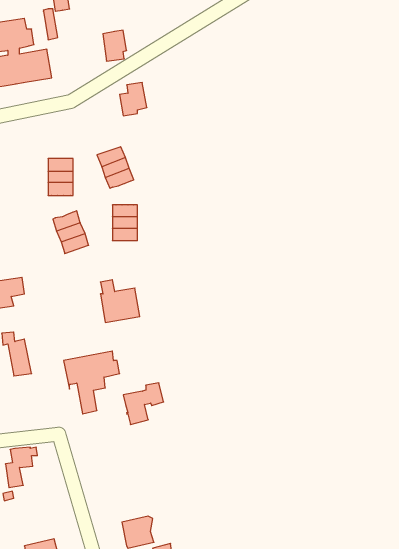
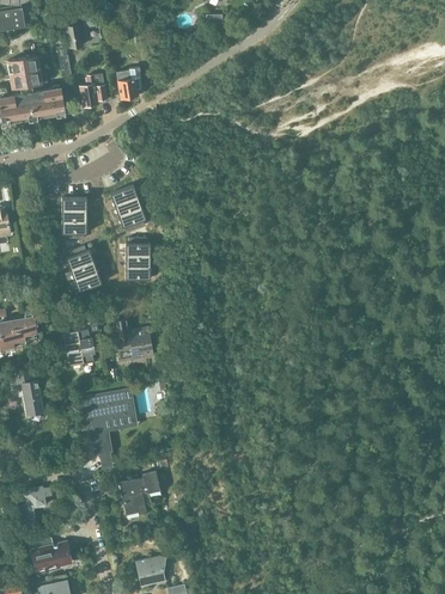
building: [120,83,147,116] -> [79,74,106,108]
building: none -> [61,330,95,367]
building: [123,383,164,425] -> [120,472,160,514]
building: none -> [29,538,72,575]

